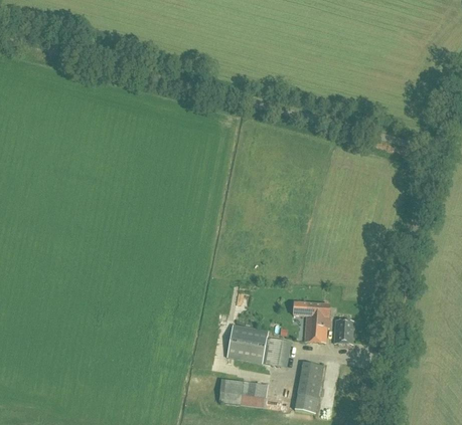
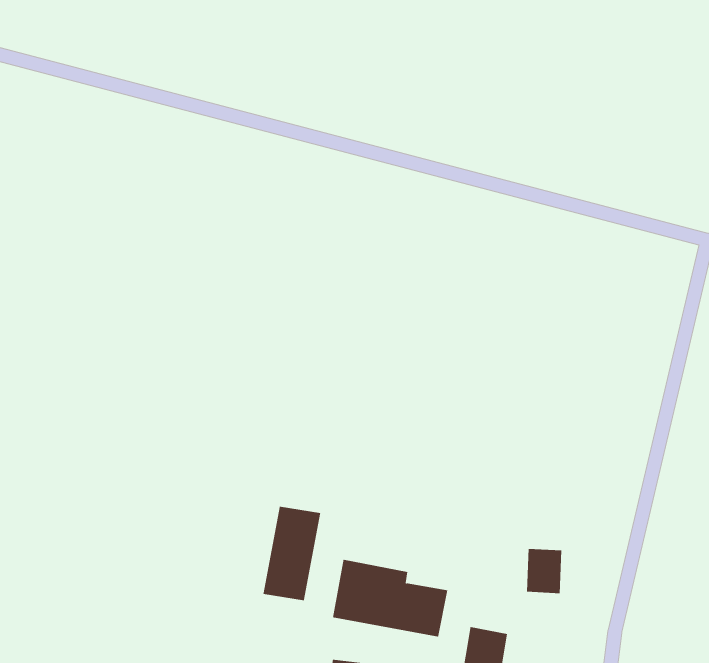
building: none -> [263,506,321,601]
building: [293,302,330,343] -> none

